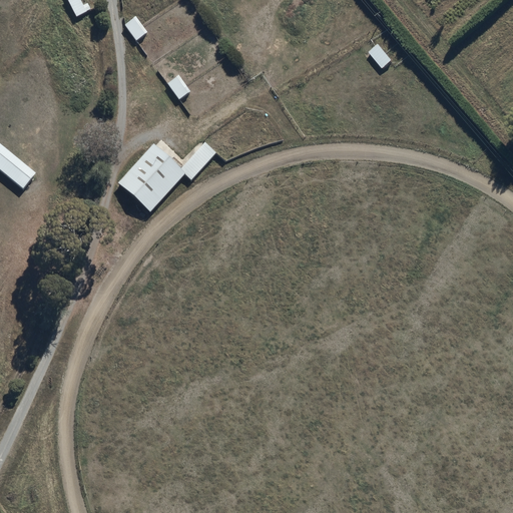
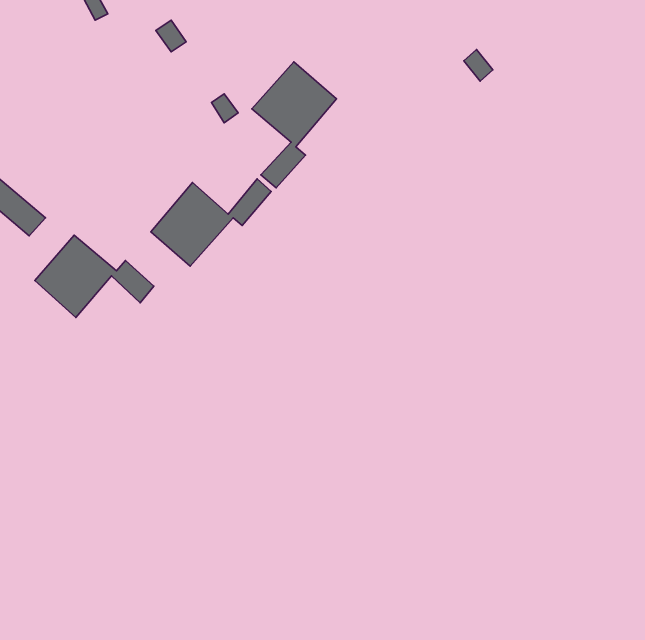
building: none -> [252,62,336,188]
building: none -> [35,235,154,318]

